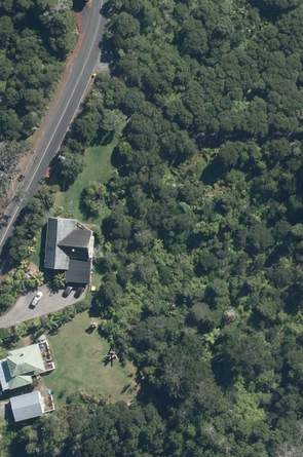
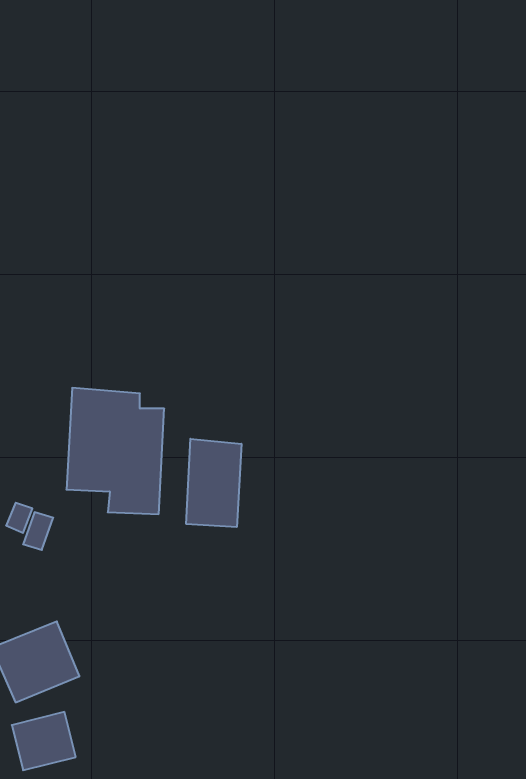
building: none -> [186,439,241,527]

